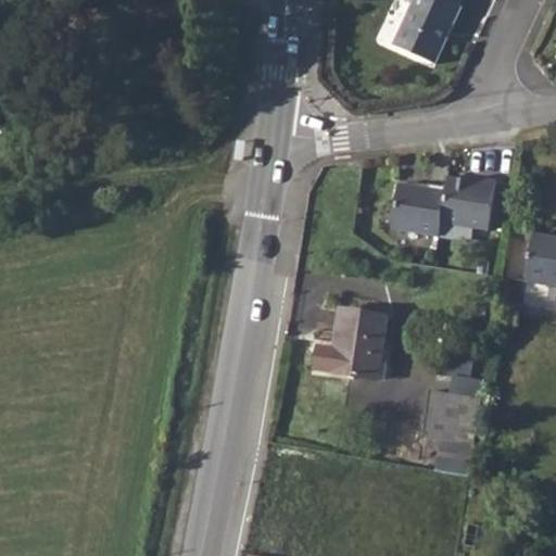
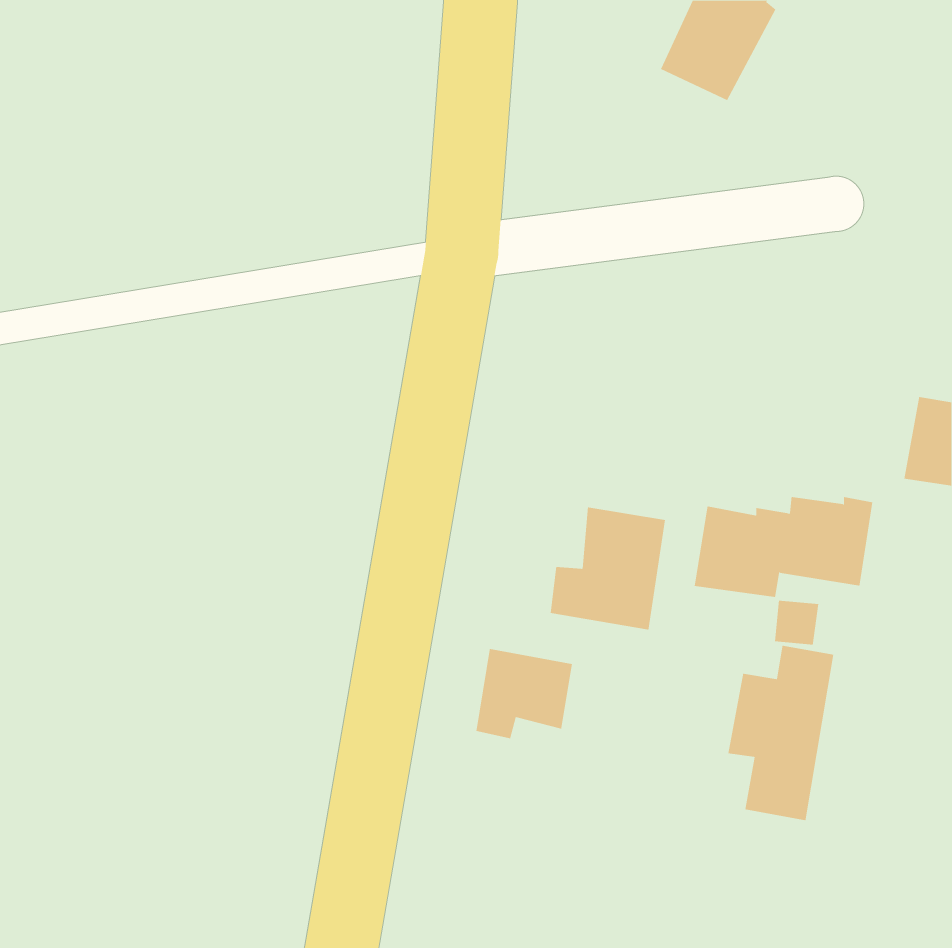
building: [392,177,496,236] -> [694,496,873,597]
building: none -> [476,648,572,739]

